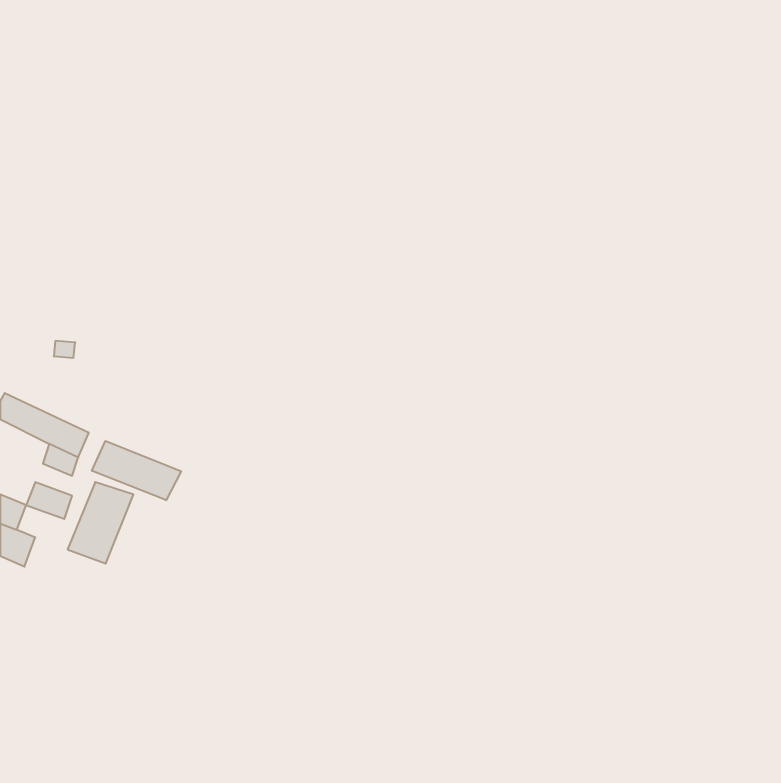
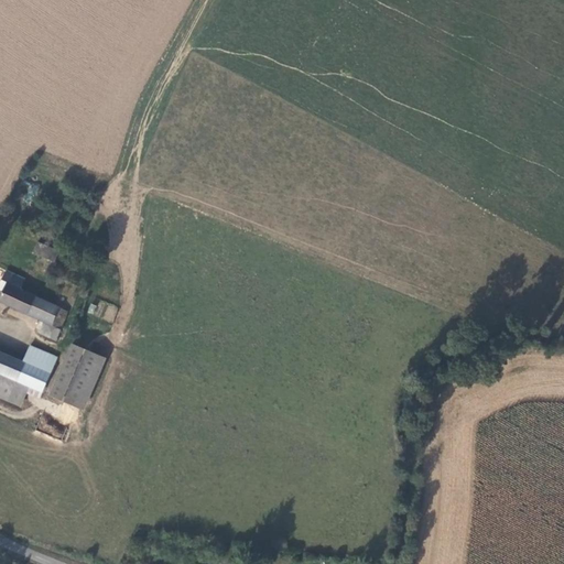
building: [92,441,181,500] -> none
building: none -> [14,362,48,391]

